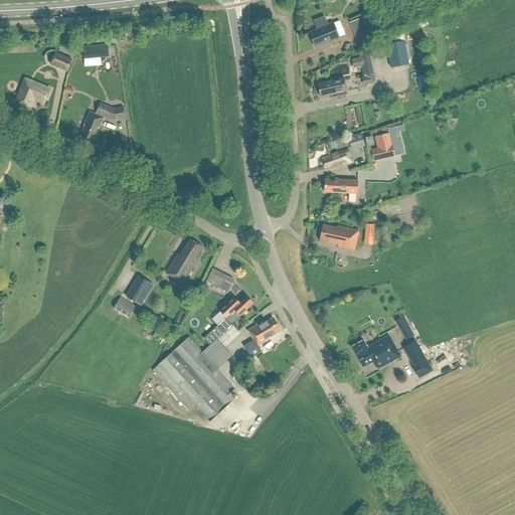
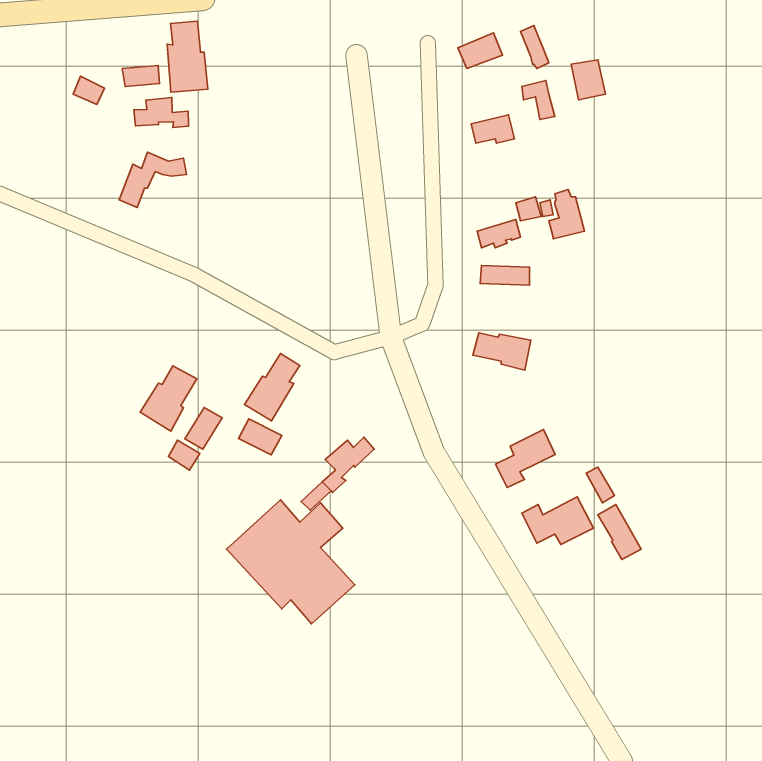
building: none -> [167,21,208,92]
building: none -> [134,97,188,127]
building: [16,78,50,106] -> none
building: none -> [140,366,197,431]
building: [205,268,234,292] -> [238,419,282,455]
building: none -> [496,430,555,487]
building: [244,317,281,358] -> none

